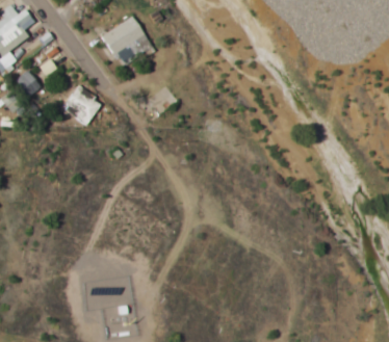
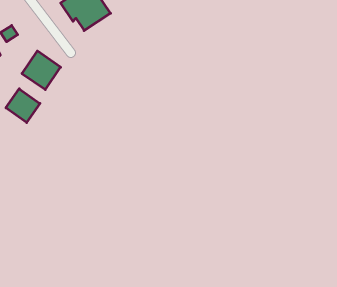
building: none -> [6,89,40,123]

